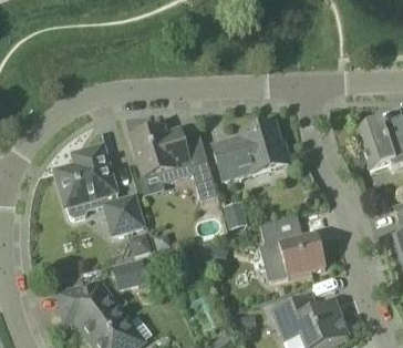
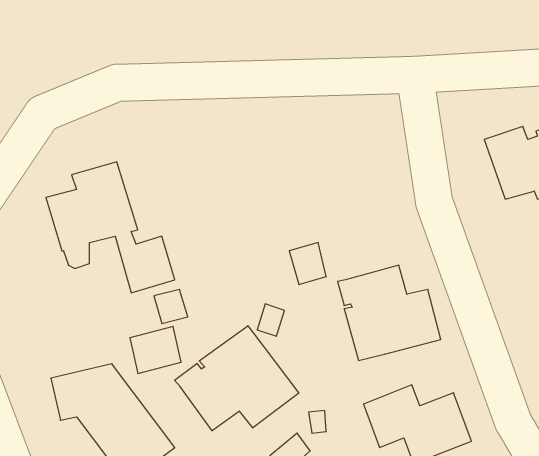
building: [211,120,290,178] -> none
building: [131,126,217,199] -> none
building: none -> [175,326,299,431]

